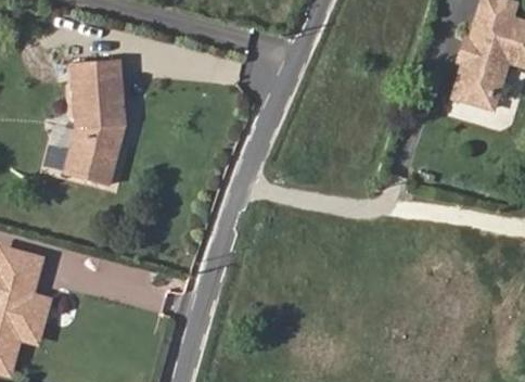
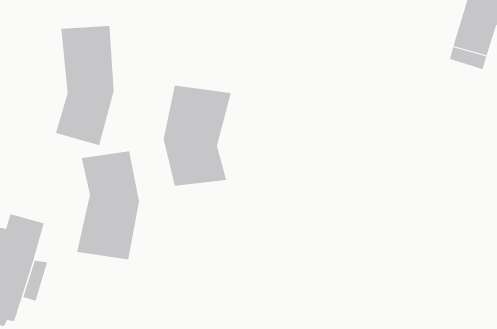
building: none -> [163,85,231,186]
building: none -> [76,150,140,260]

